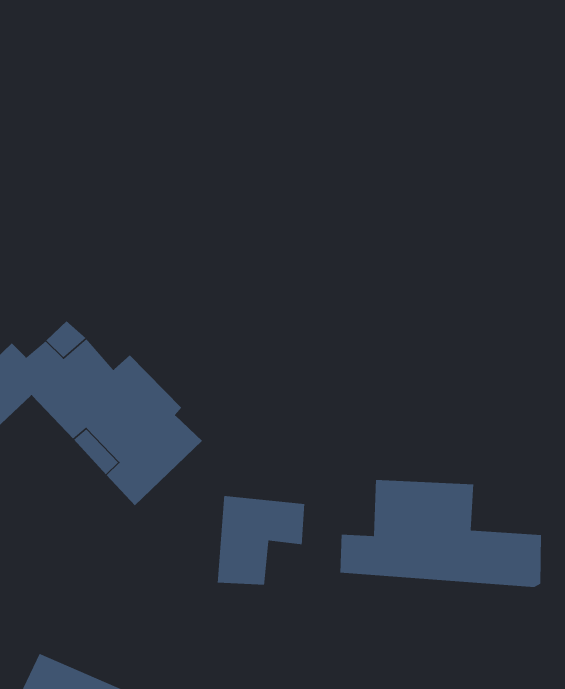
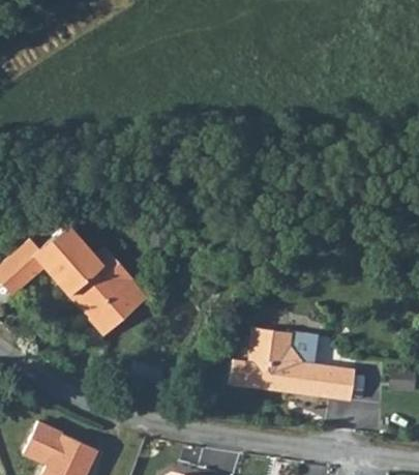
building: [217,495,305,585] -> none

